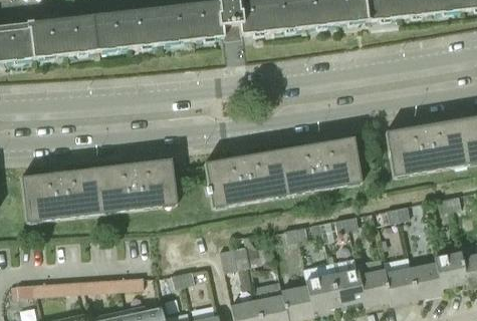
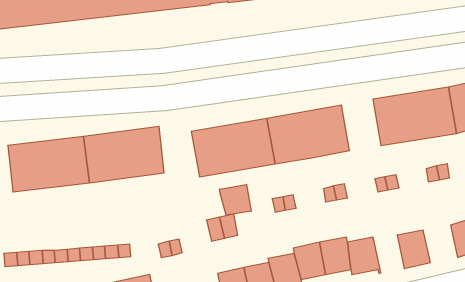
building: none -> [220,184,251,215]
building: [434,250,469,293] -> none
building: [386,266,416,303] -> none

